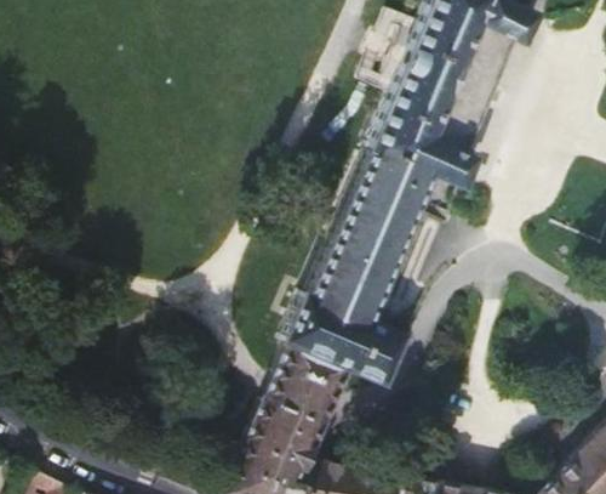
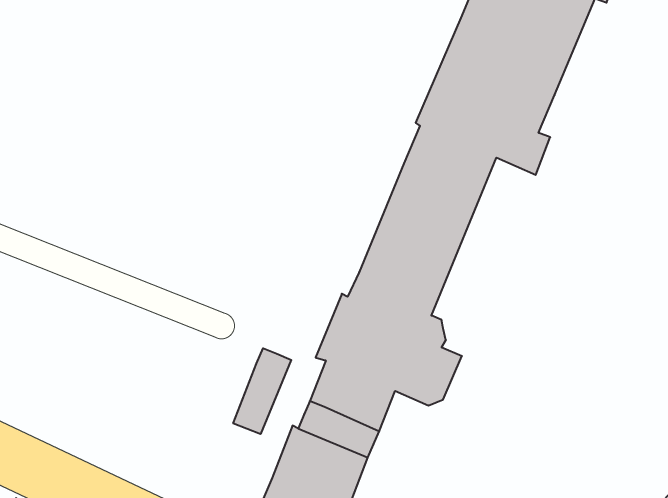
building: none -> [233,348,291,434]

